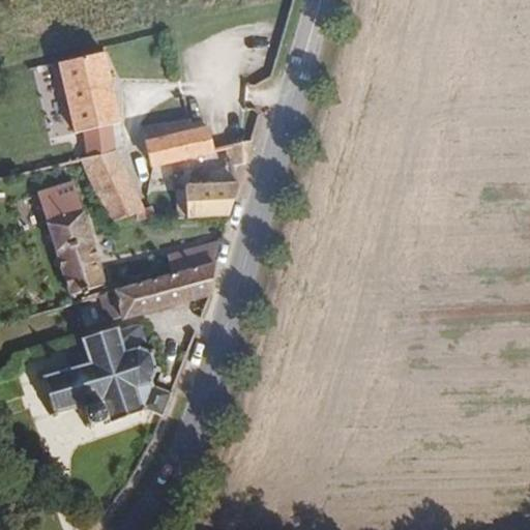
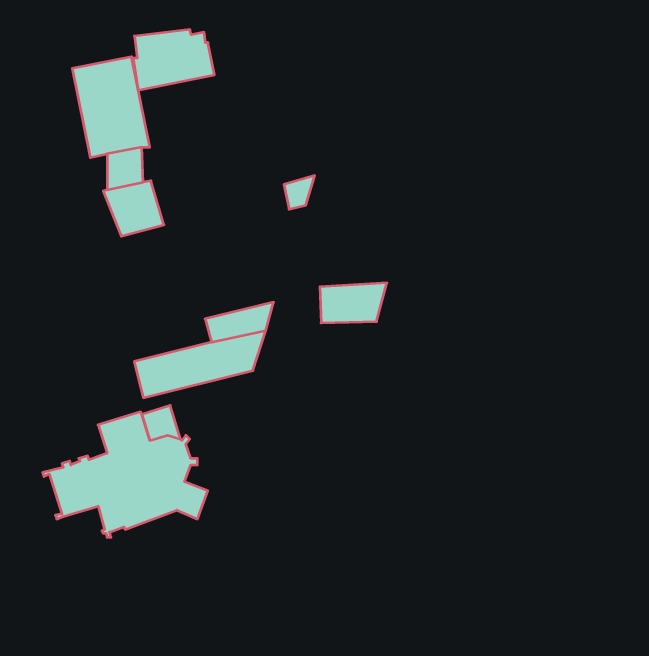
building: [147,116,212,165] -> [133,30,214,90]
building: [36,176,106,291] -> none
building: [97,180,143,219] -> none
building: [182,185,236,217] -> [320,283,387,323]

